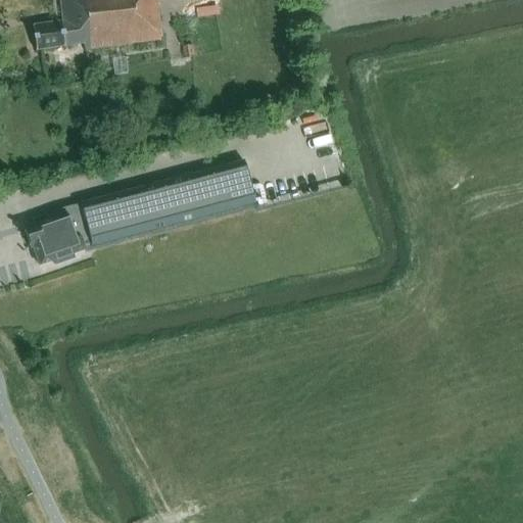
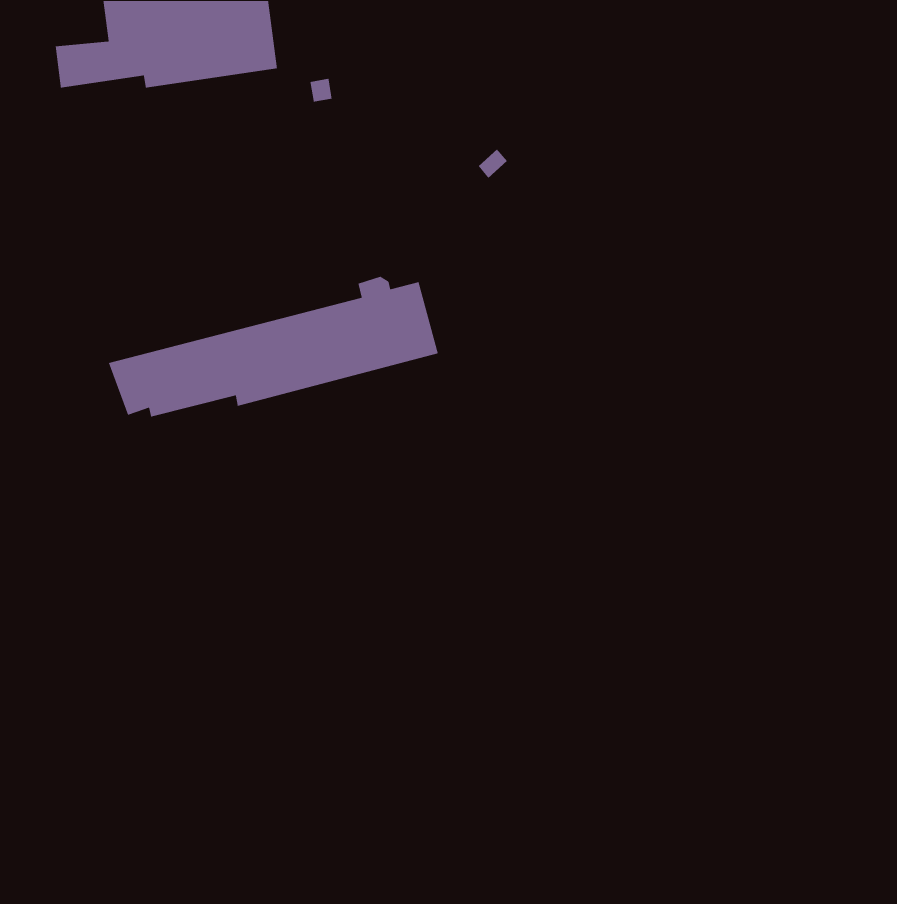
building: [28,209,88,267] -> none

